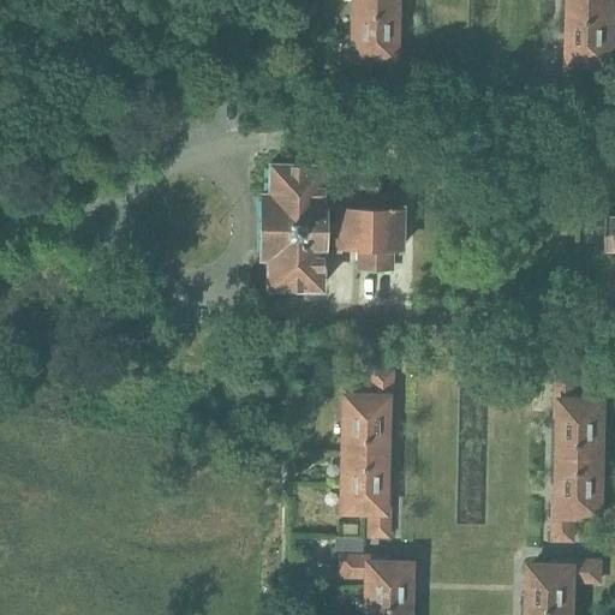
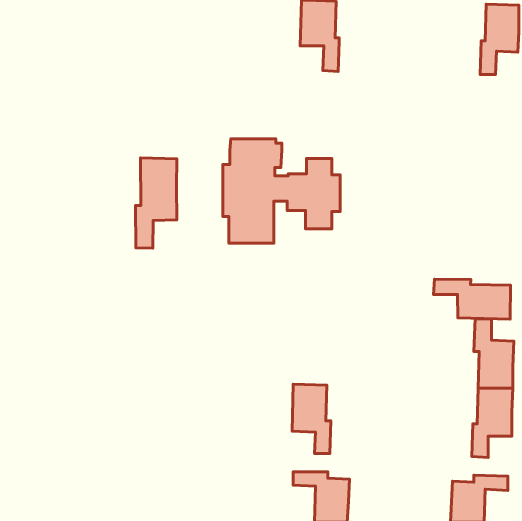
building: none -> [135,158,177,248]
building: none -> [434,279,511,319]
building: [345,372,392,454] -> none

